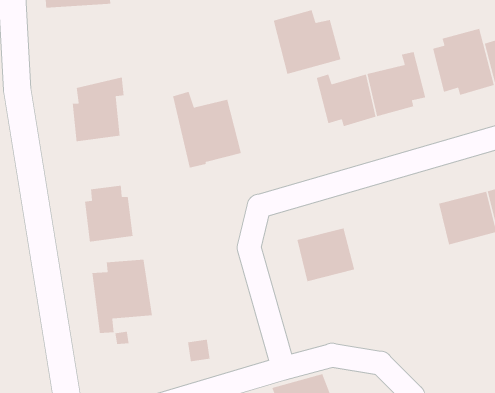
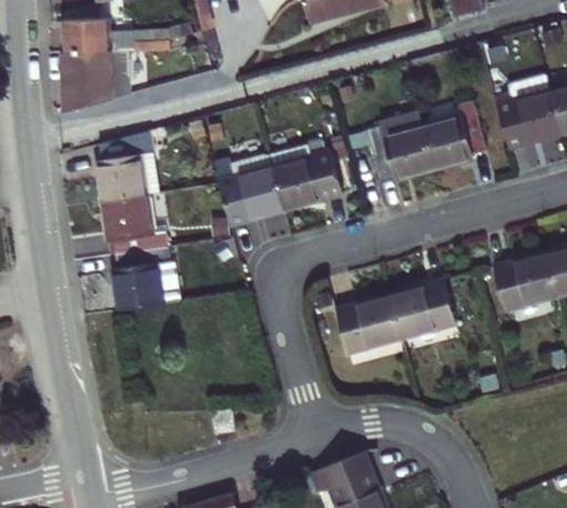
building: none -> [64,50,135,114]
building: [273,9,342,75] -> [264,141,339,212]
building: none -> [97,194,151,251]
building: none -> [391,280,456,340]
building: [92,259,153,334] -> none

